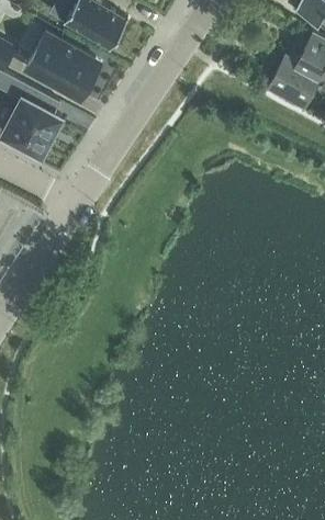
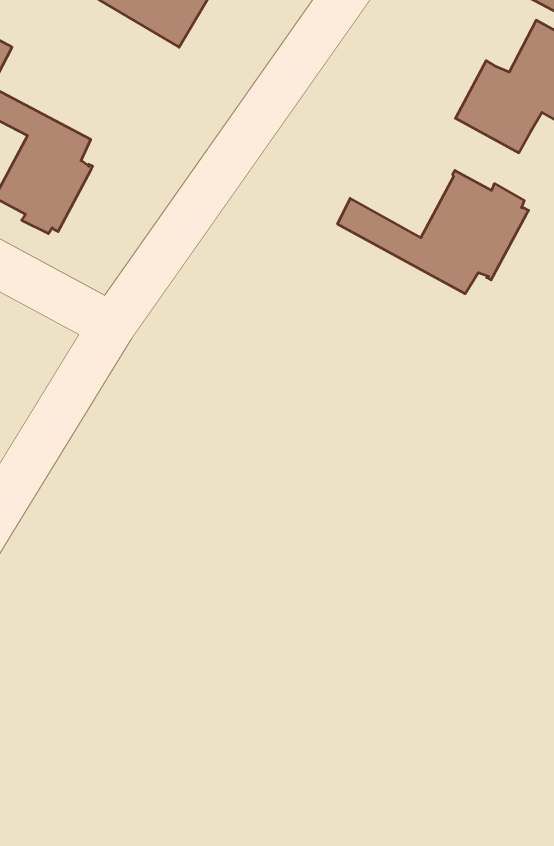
building: [25,32,96,95] -> none
building: none -> [338,170,529,294]

